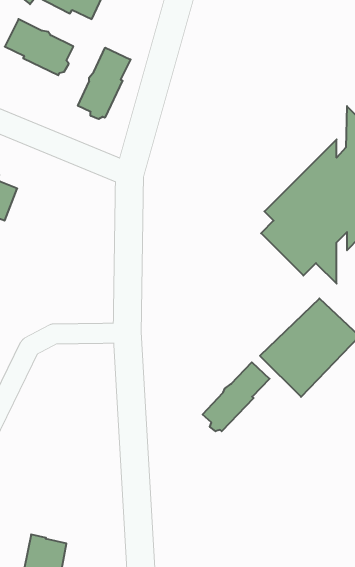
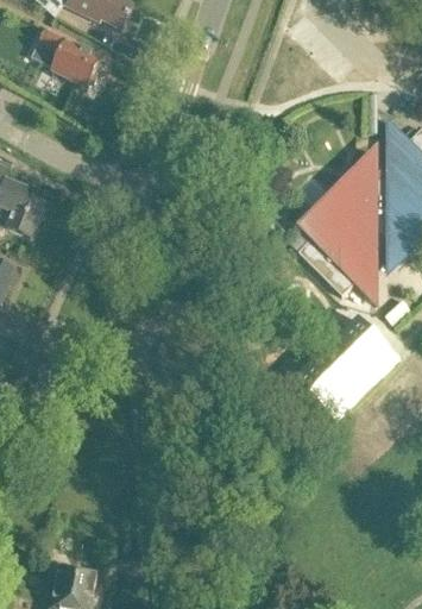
building: [78,48,131,119] -> none
building: [203,362,270,431] -> none

